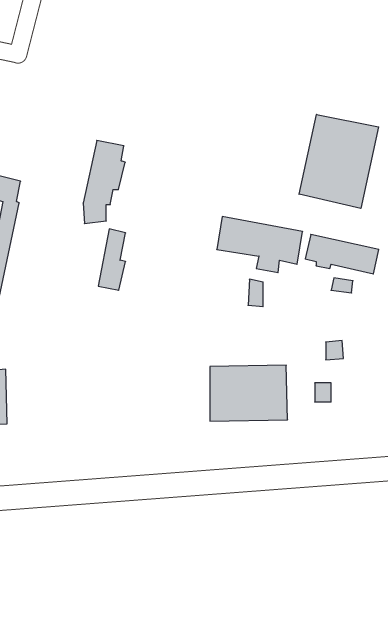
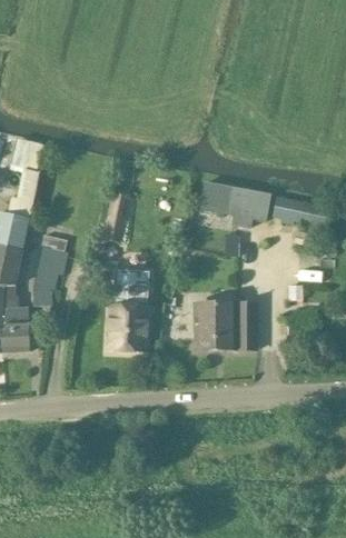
building: [299,114,379,208] -> none
building: [83,140,125,224] -> [32,237,67,305]
building: none -> [107,269,147,350]

